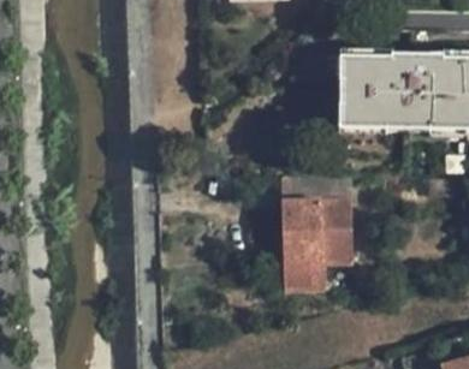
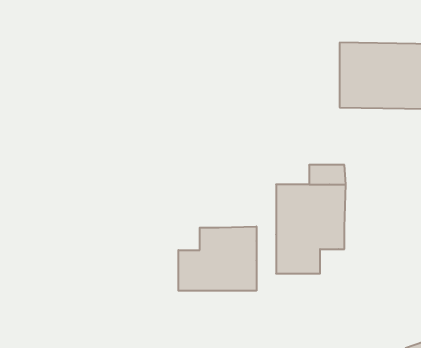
building: none -> [178,226,256,291]

